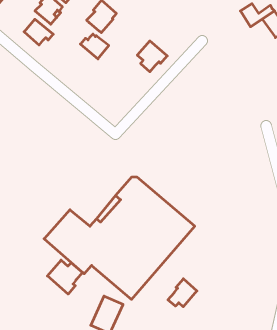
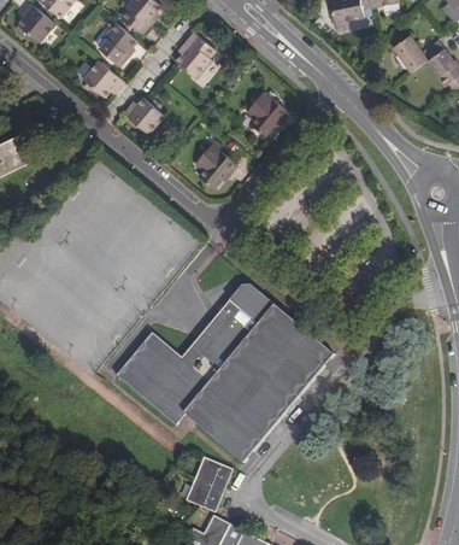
building: [80,34,109,59] -> [123,98,164,134]
building: none -> [194,142,237,188]
building: [47,260,83,294] -> none
building: [168,279,197,307] -> none

